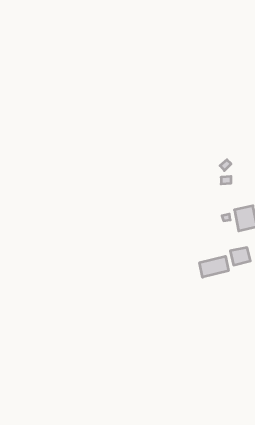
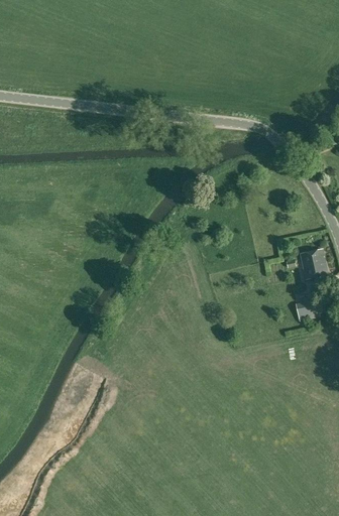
building: [200,256,228,277] -> none

